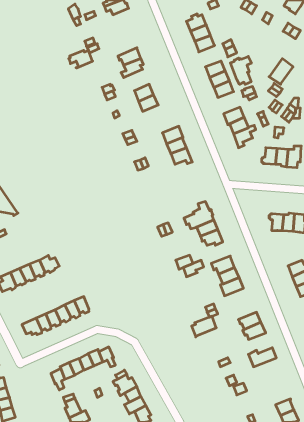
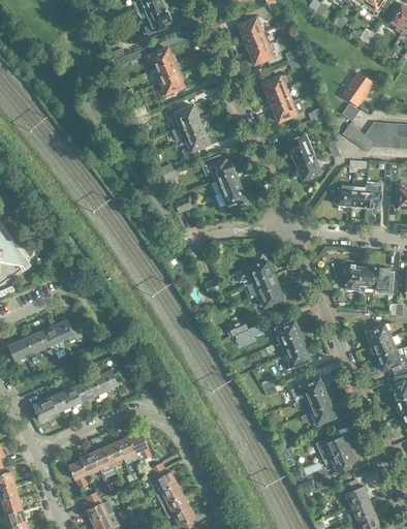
building: none -> [145,10,174,36]
building: [69,50,93,68] -> [143,49,173,70]
building: [230,56,251,84] -> none
building: none -> [182,131,209,159]
building: [192,316,216,337] -> [295,376,326,402]
building: none -> [322,447,356,473]
building: none -> [343,479,369,506]

